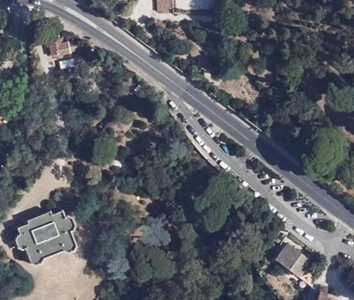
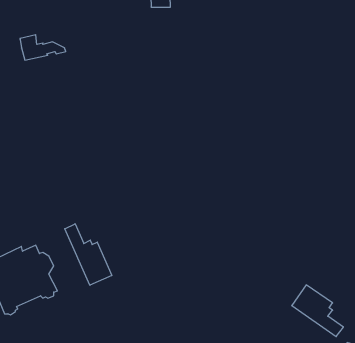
building: none -> [65,224,112,285]

